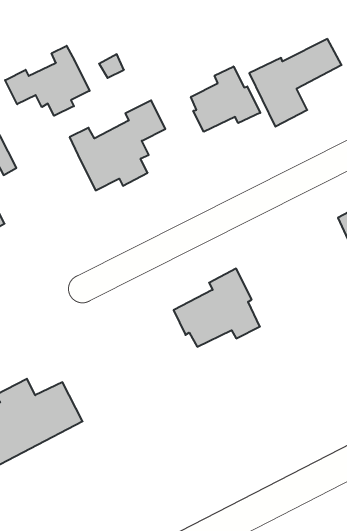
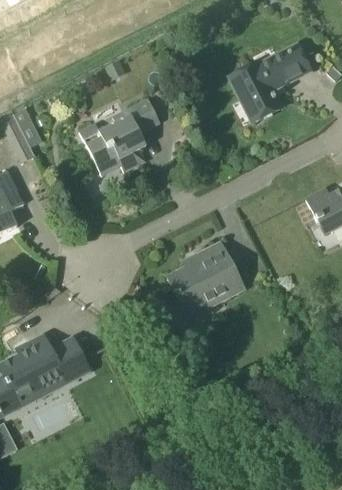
building: [5,46,90,116] -> none
building: [191,66,260,132] -> none

